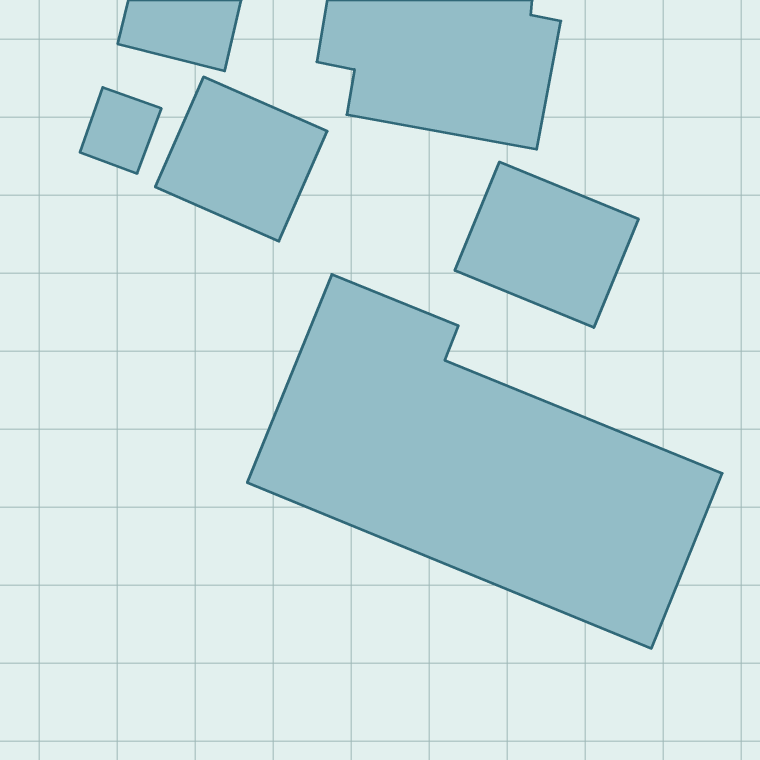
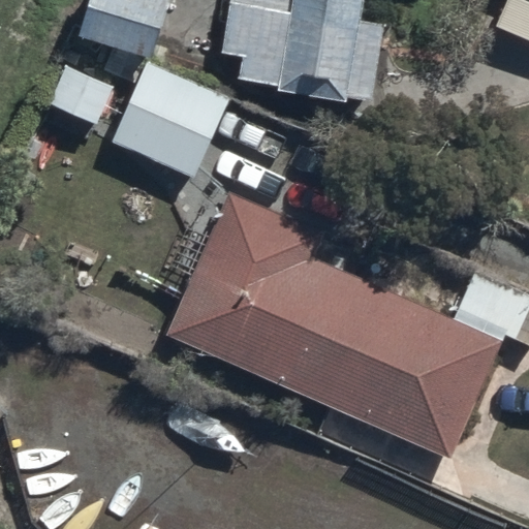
building: [455,162,638,328] -> none

